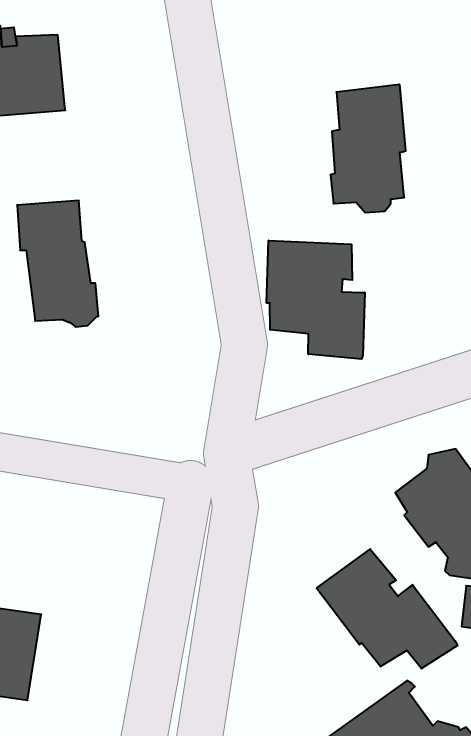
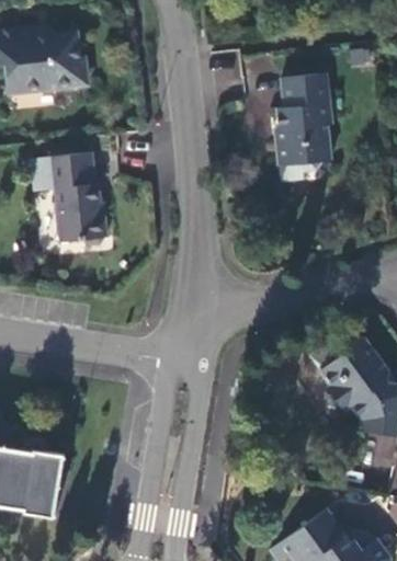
building: [267,240,365,359] -> none
building: [317,549,457,669] -> none

